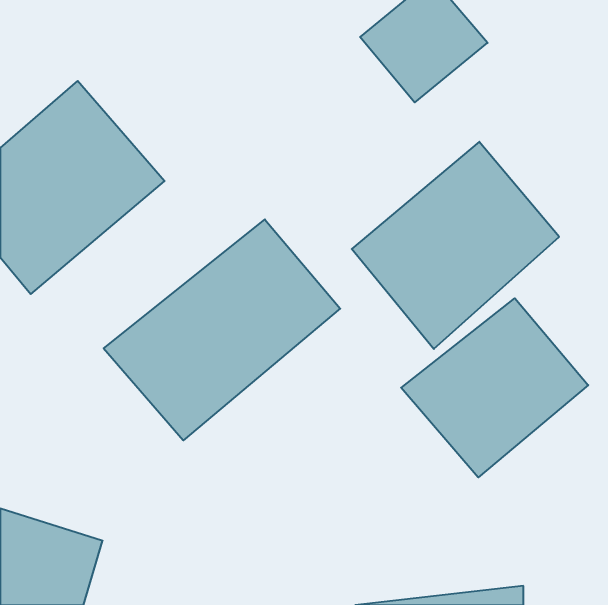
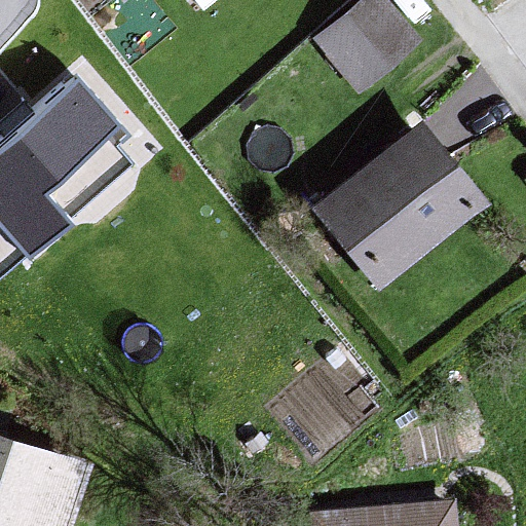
building: [104,219,340,440] -> none
building: [401,298,588,477] -> none

